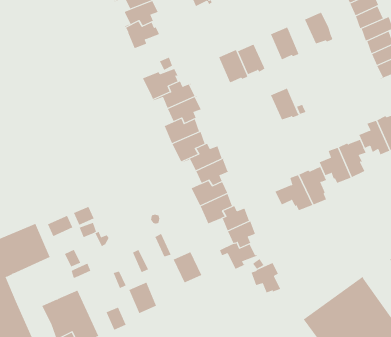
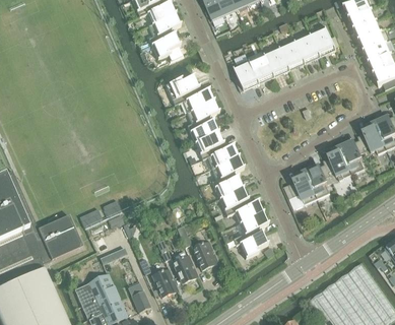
building: none -> [297,31,321,61]
building: [270,87,300,120] -> [264,45,290,74]
building: none -> [172,249,198,282]
building: [251,262,281,296] -> none

